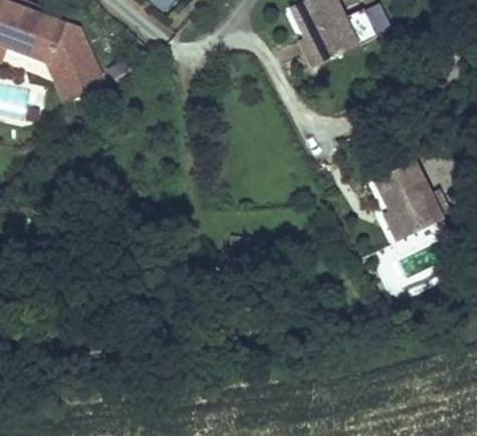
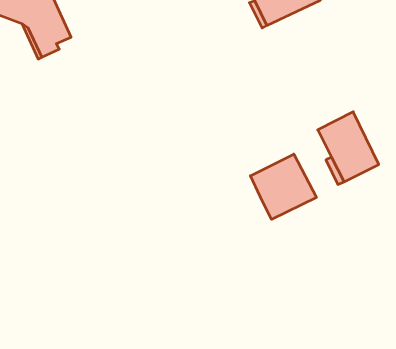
building: none -> [250,154,316,219]

